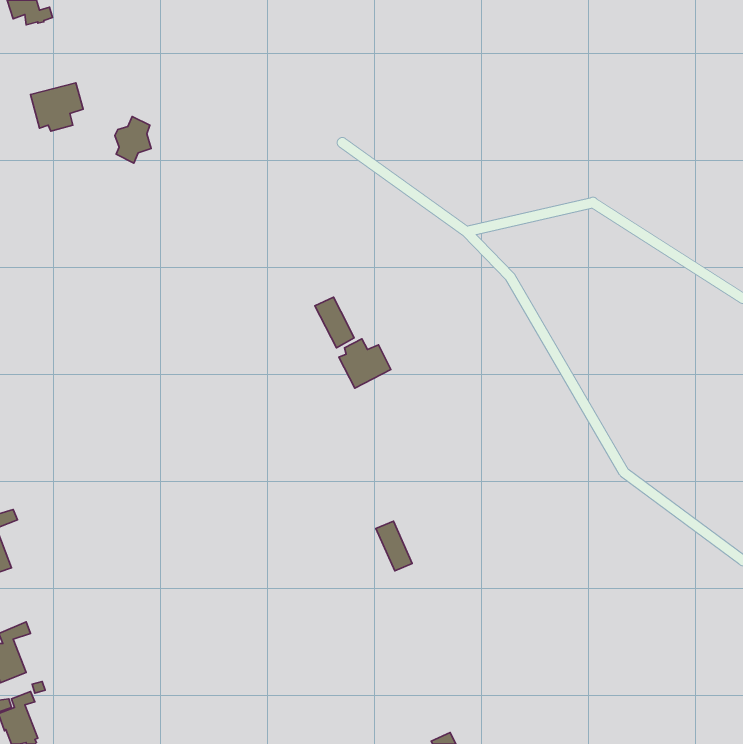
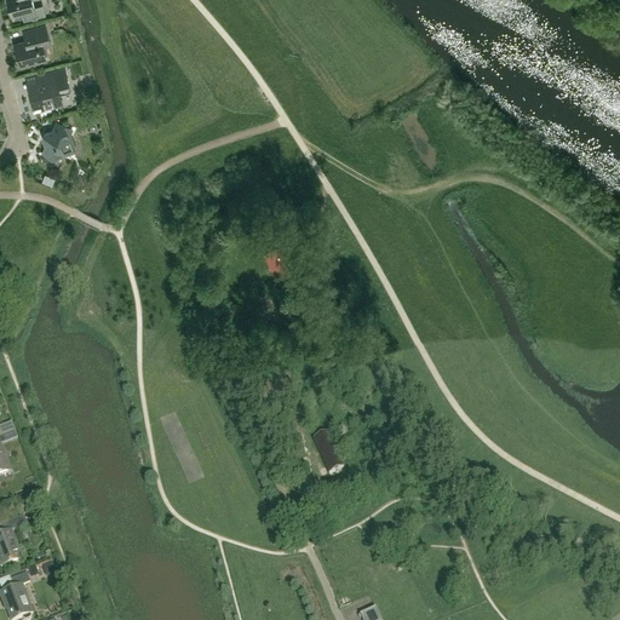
building: none -> [13,25,50,67]
building: [115,116,151,163] -> [41,122,71,161]
building: [339,339,391,388] -> none

